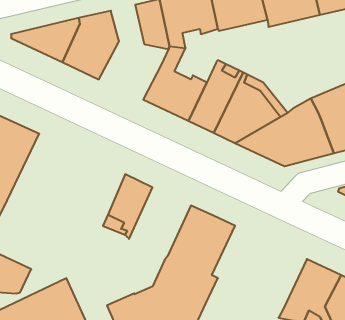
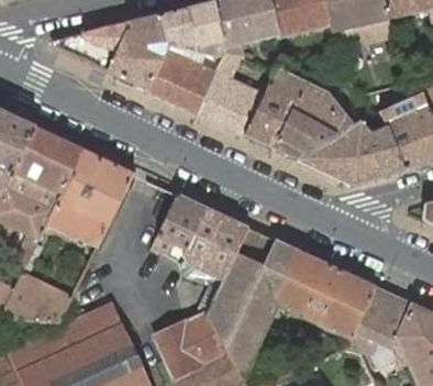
building: none -> [160,8,197,51]
building: none -> [147,49,215,111]
building: none -> [47,148,134,244]
building: none -> [180,207,247,282]
building: none -> [270,249,374,339]

